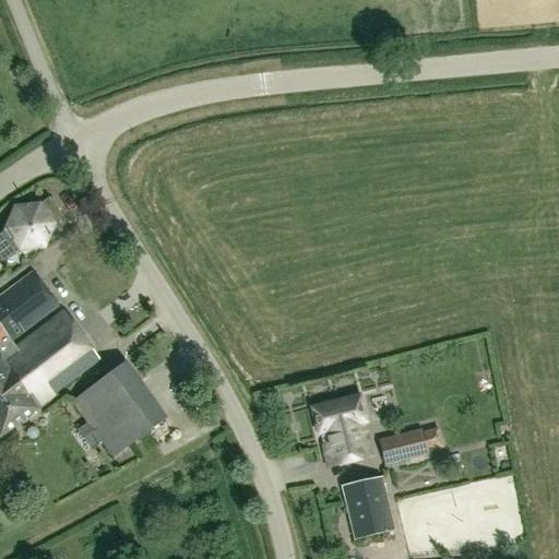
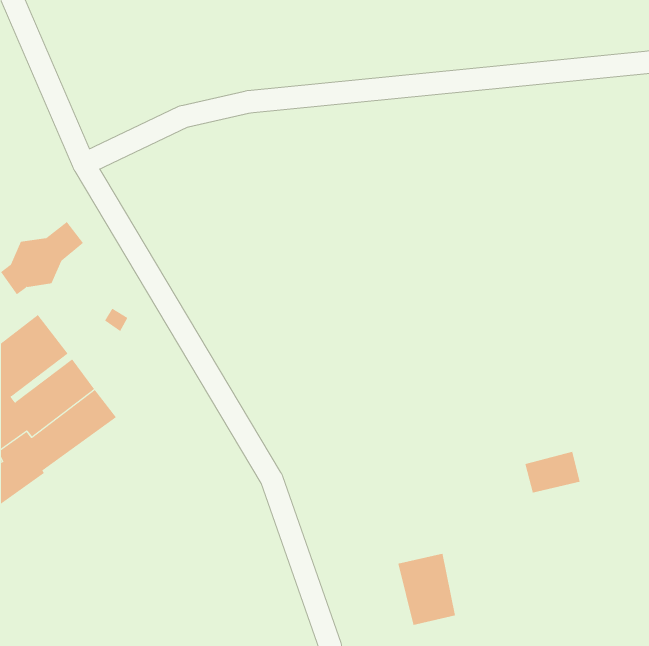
building: [71,360,166,455] -> none
building: [311,394,372,465] -> none
building: [379,427,427,463] -> [524,451,580,493]

